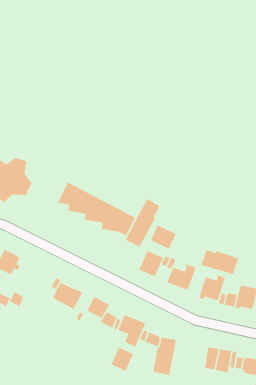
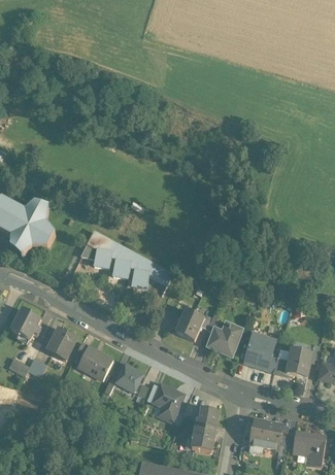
building: [125,198,161,248] -> none
building: [150,224,177,250] -> none
building: [200,249,239,275] -> none
building: none -> [47,326,76,355]
building: [111,346,134,372] -> none

